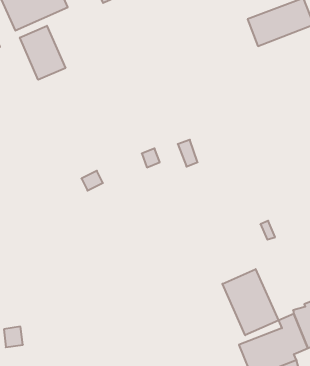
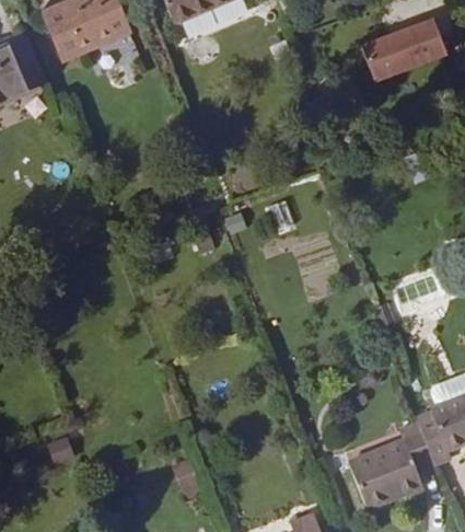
building: [20,26,65,80] -> none
building: [222,269,279,335] -> none

